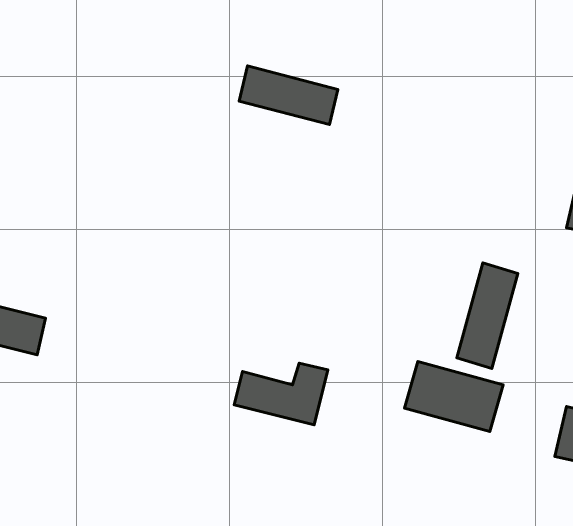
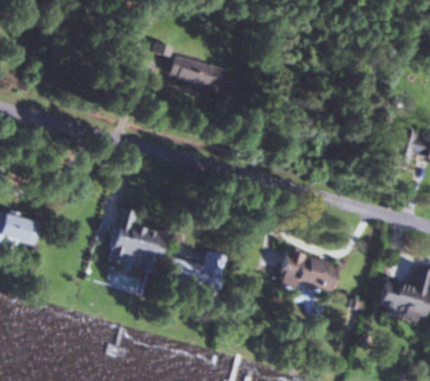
building: [457,263,518,368] -> none
building: none -> [106,207,168,274]

